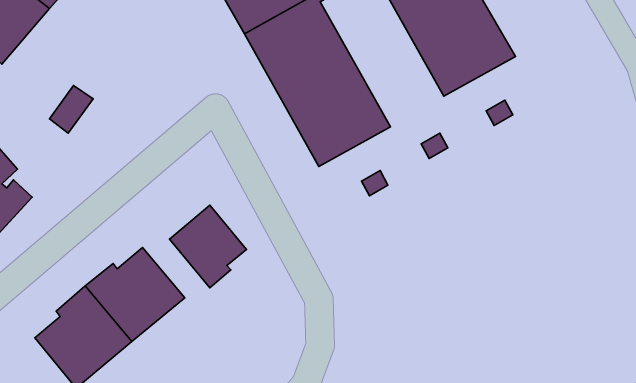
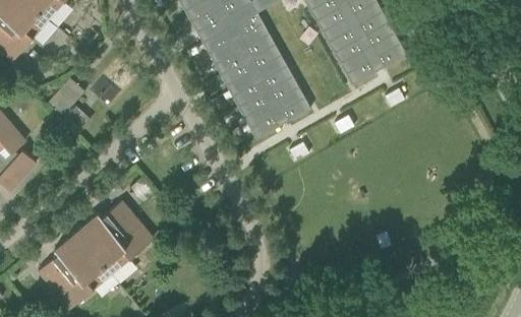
building: [169,205,246,288] -> none

